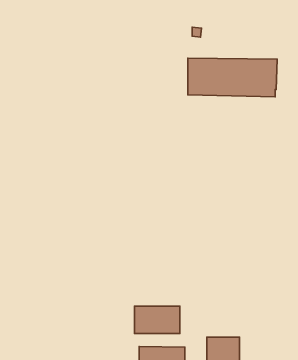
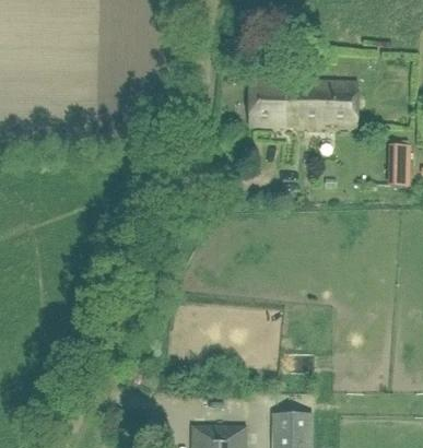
building: [135,306,180,334] -> none

